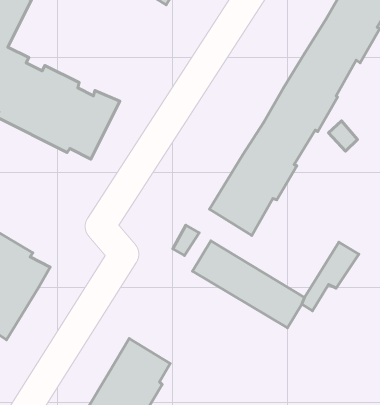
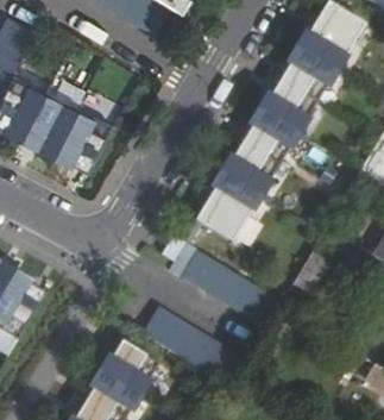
building: none -> [141,303,246,384]

